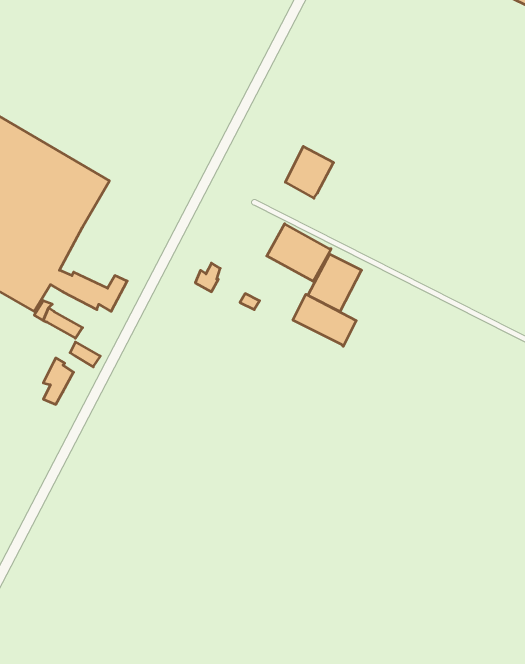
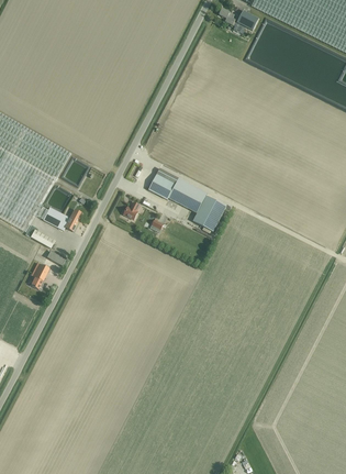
building: [285,146,334,198] -> [148,167,178,199]
building: [293,294,356,346] -> none

